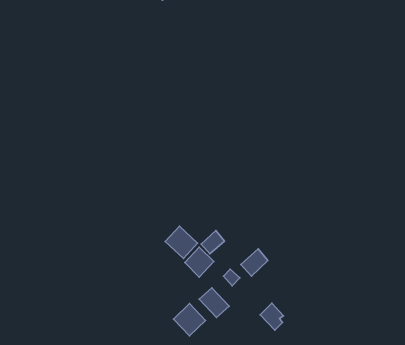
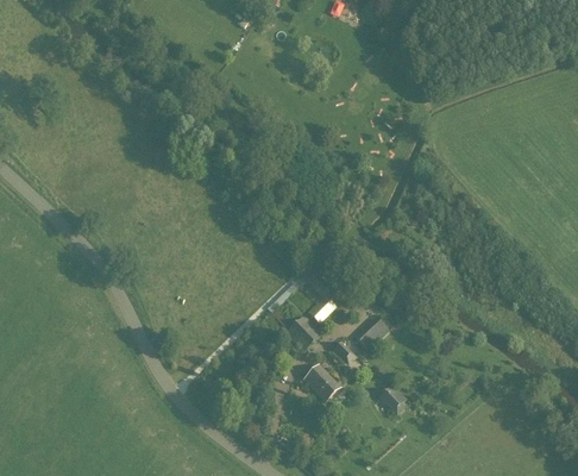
building: [165,226,198,259] -> none
building: [173,304,205,336] -> none

